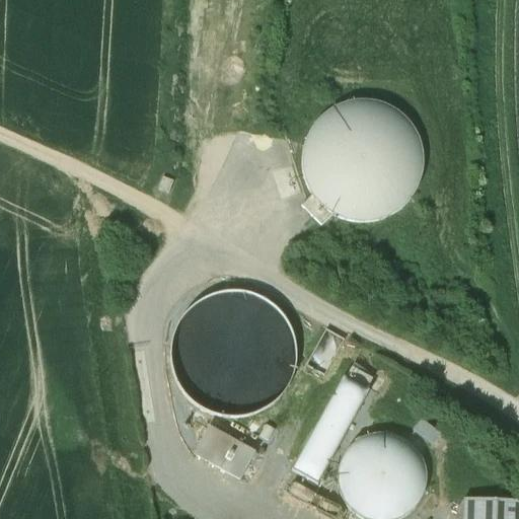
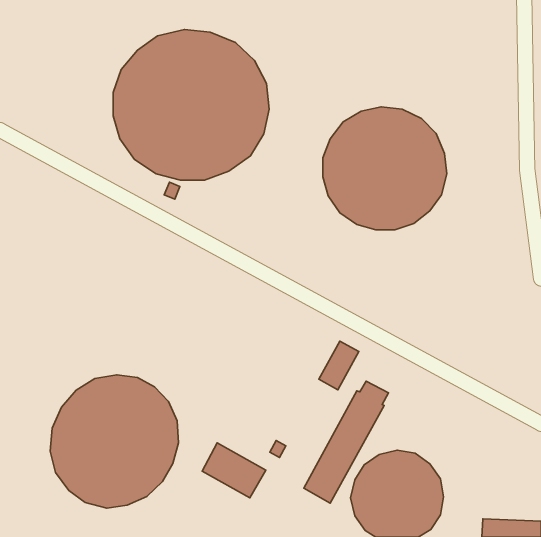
building: none -> [113,29,269,180]
building: [169,289,296,416] -> none
building: none -> [50,375,178,508]

